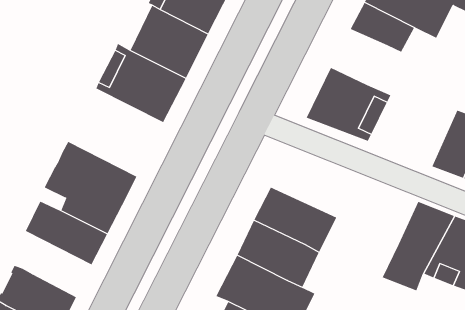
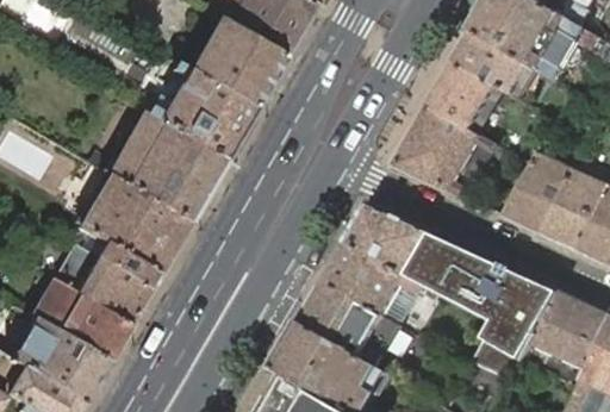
building: none -> [427,63,496,131]
building: none -> [86,113,223,223]
building: none -> [503,151,574,233]
building: none -> [346,205,521,324]
building: none -> [30,280,126,362]

